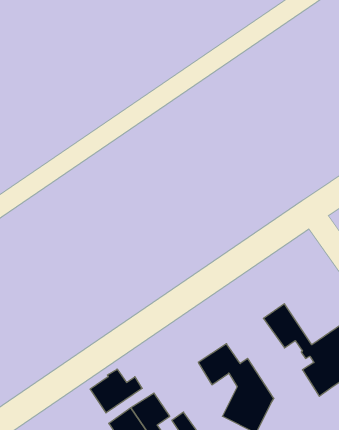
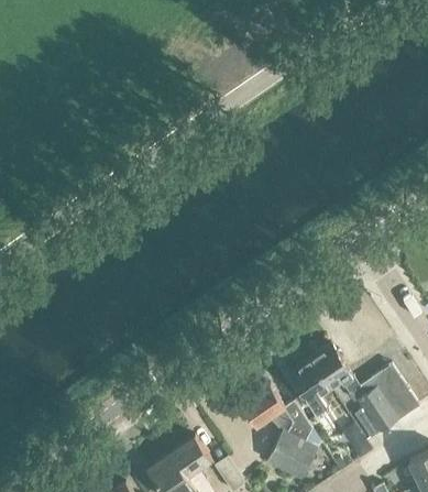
building: none -> [289,360,331,415]
building: [90,369,142,413] -> none

